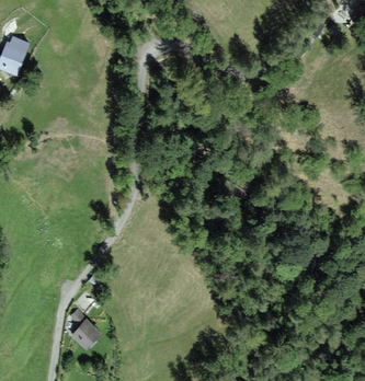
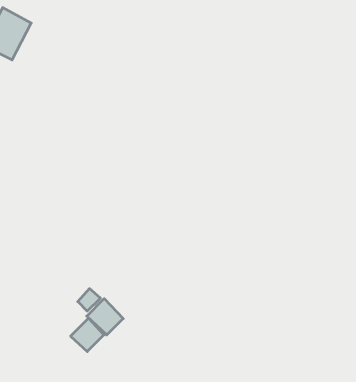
building: none -> [87,299,123,335]

